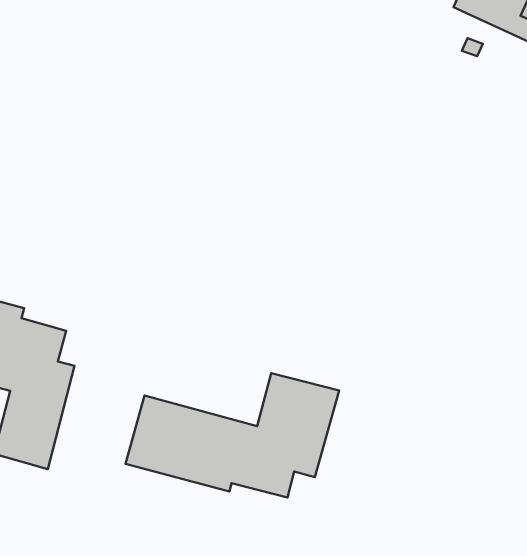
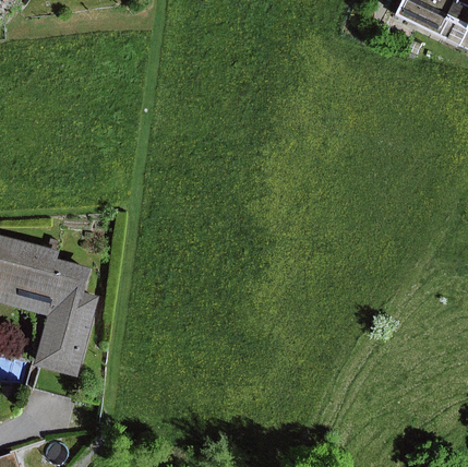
building: [126,373,339,498] -> none

